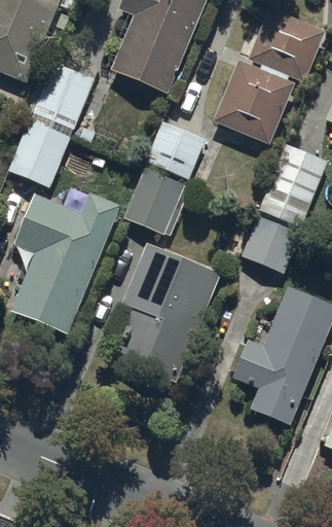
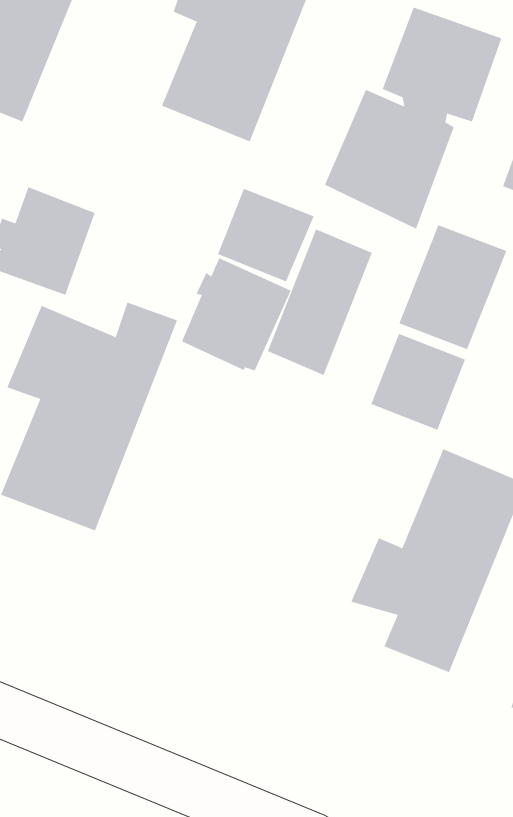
building: [32,61,99,141] -> none
building: none -> [267,228,373,376]
building: [102,243,223,380] -> none

